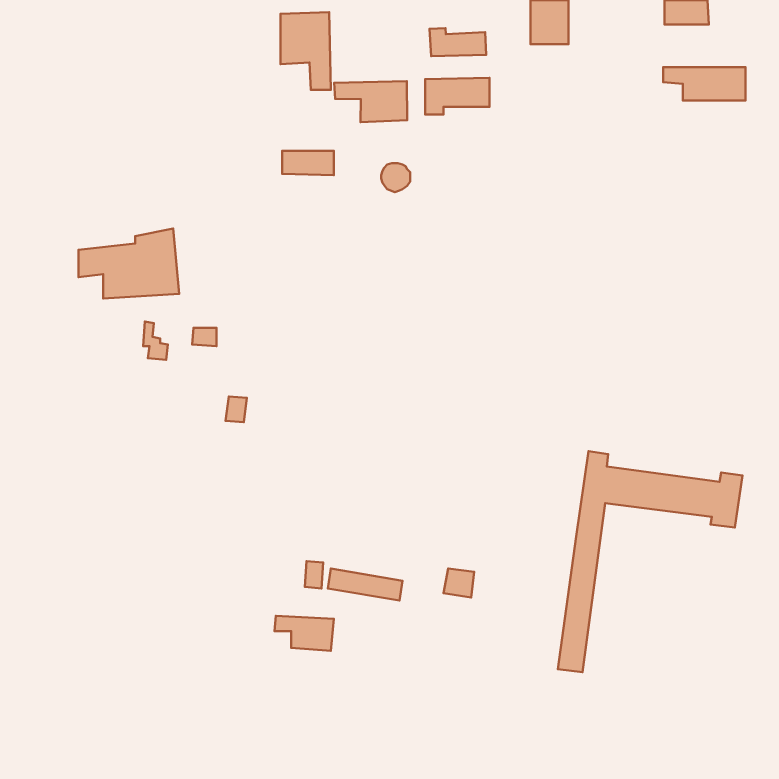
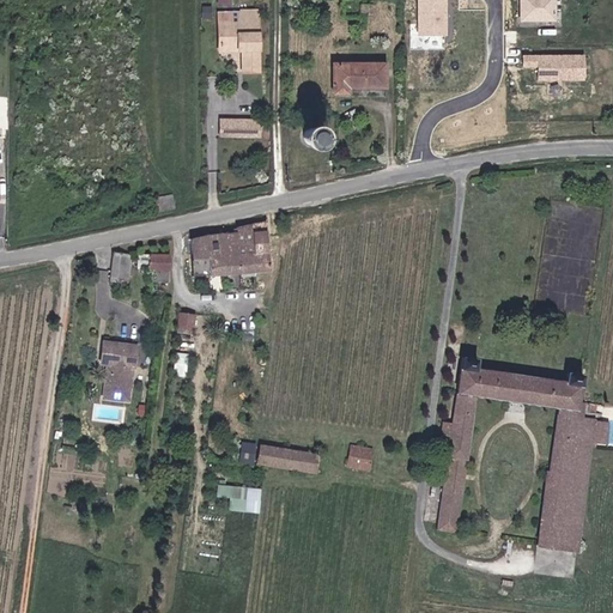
building: [430,28,486,56] -> none
building: [334,81,407,122] -> none
building: [79,228,179,299] -> [192,220,271,275]
building: none -> [102,341,139,401]
building: none -> [540,412,595,546]

